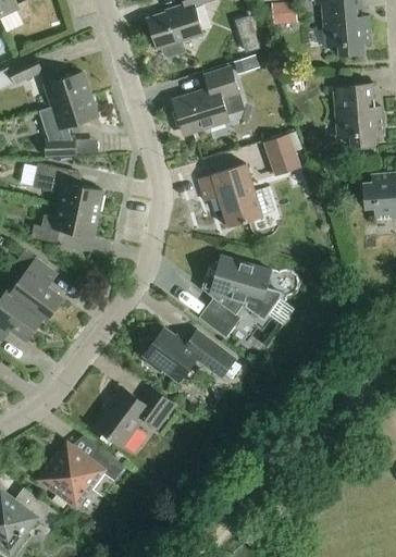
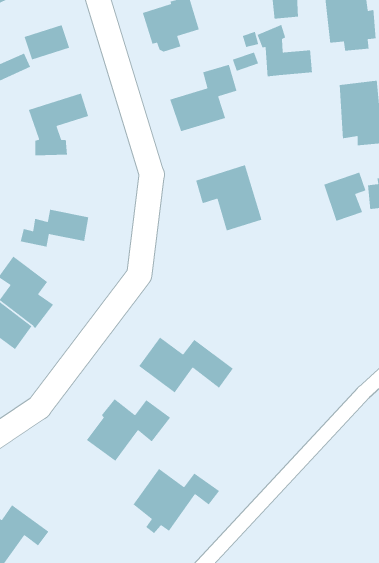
building: none -> [257,24,313,77]
building: [45,72,89,107] -> [23,24,70,61]
building: [262,129,304,177] -> [323,172,367,222]
building: [33,162,102,213] -> none
building: [198,255,281,337] -> none
building: [41,444,125,507] -> [133,468,220,534]

